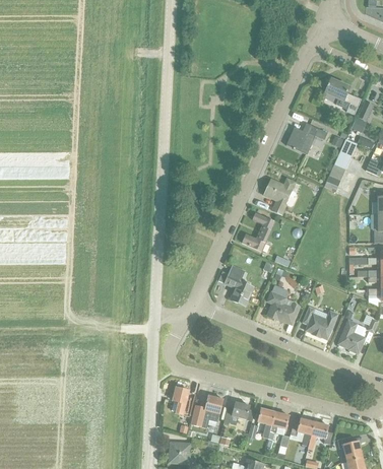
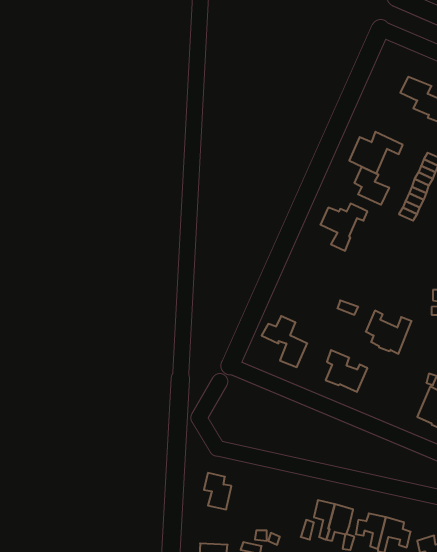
building: none -> [355,167,389,205]
building: [241,211,273,250] -> none
building: [301,305,336,338] -> [366,311,412,354]
building: [190,394,222,427] -> none
building: [222,401,253,422] -> none

